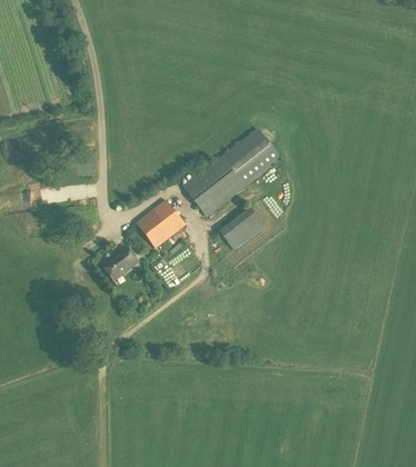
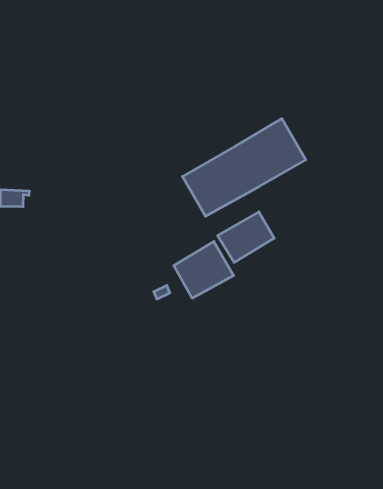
building: [136,198,186,247] -> [174,241,234,298]
building: [101,246,138,279] -> none

